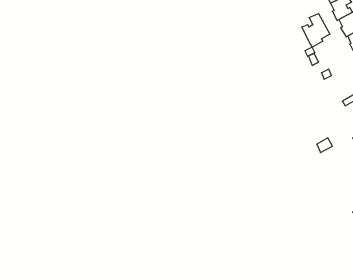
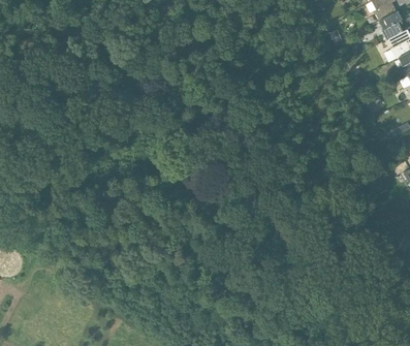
building: [302,14,330,47] -> none

